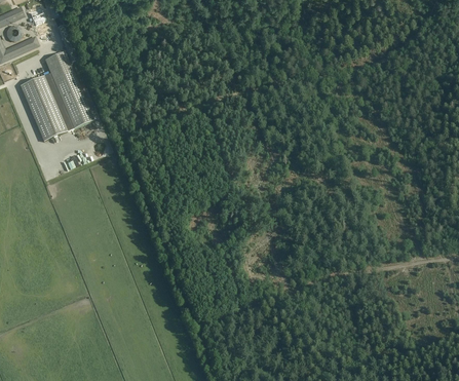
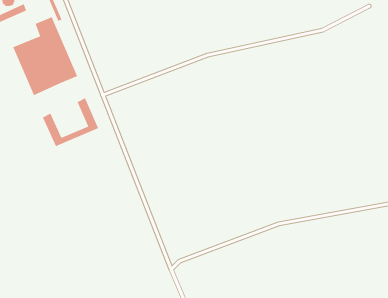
building: none -> [42,97,99,147]

